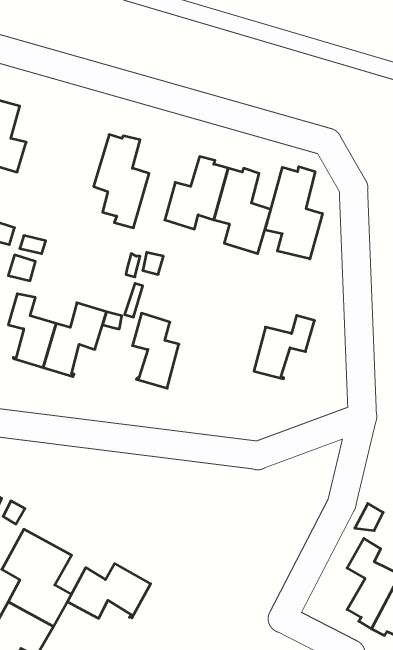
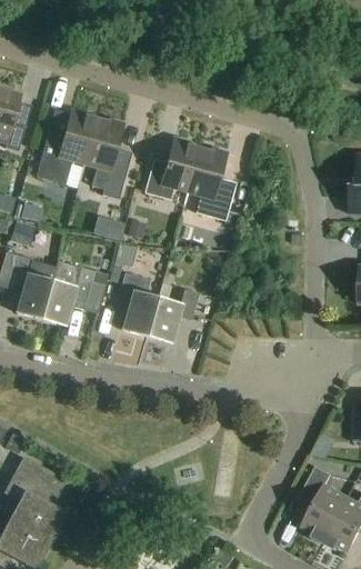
building: none -> [37,108,98,180]
building: [265,167,322,259] -> none
building: [254,315,315,379] -> [148,288,200,342]
building: [67,564,151,618] -> none

